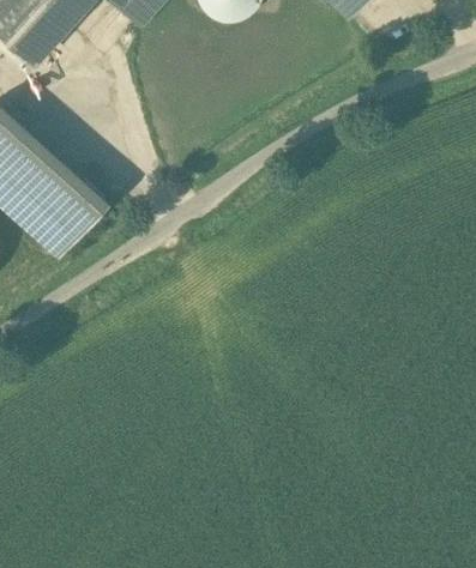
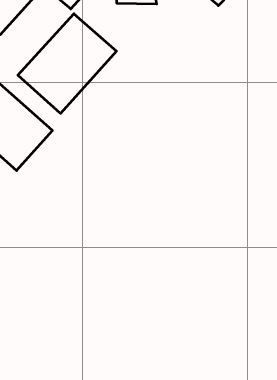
building: none -> [18,14,116,113]

